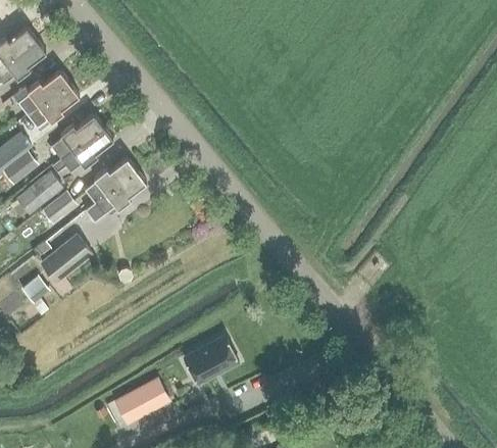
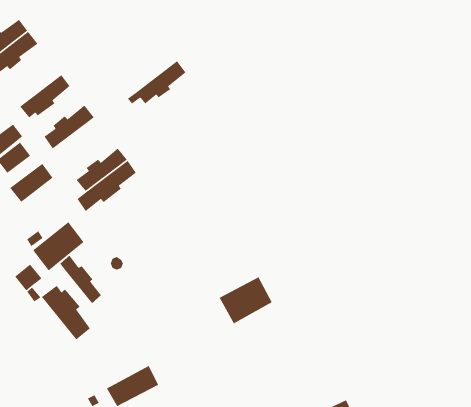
building: [12,71,69,116] -> none
building: [52,128,112,172] -> [127,60,186,105]
building: [42,192,78,226] -> none
building: none -> [59,255,102,304]
building: none -> [41,285,91,341]
building: [184,337,239,386] -> [218,276,273,325]

